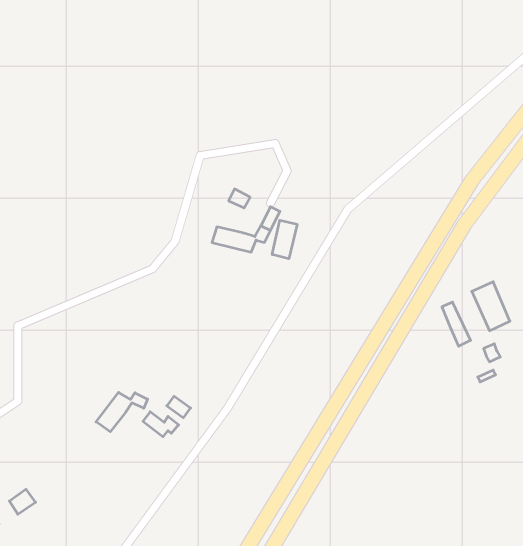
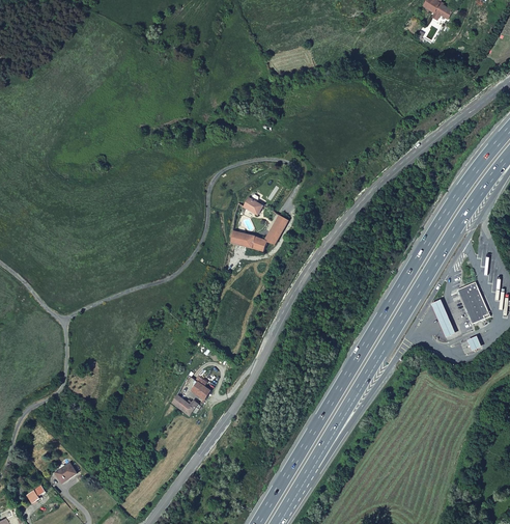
building: [272,220,297,259] -> none
building: [96,392,148,432] -> none

